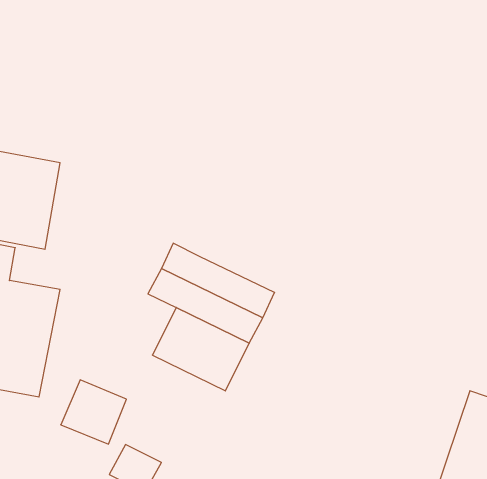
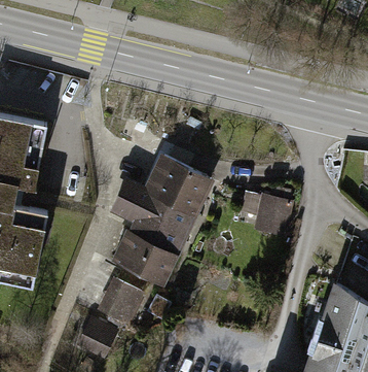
building: none -> [146,155,214,212]
building: none -> [252,196,290,235]
building: [61,380,126,444] -> [98,280,143,325]

